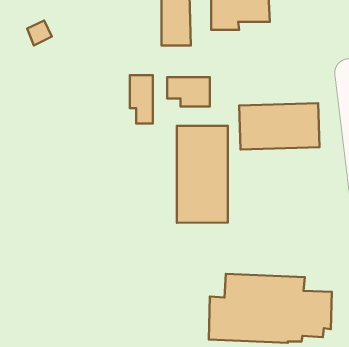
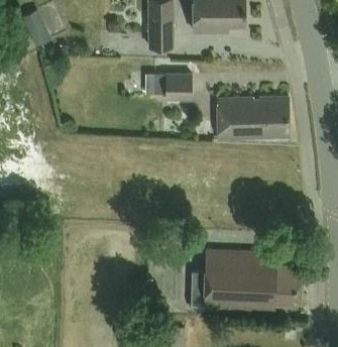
building: [130,75,153,123] -> none
building: [177,126,228,223] -> none

